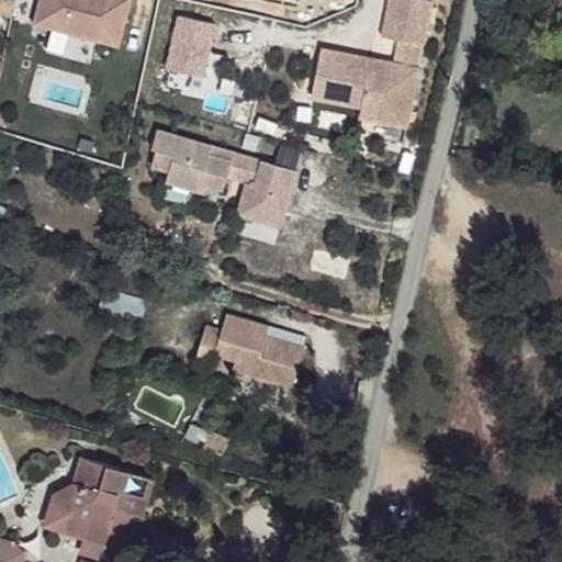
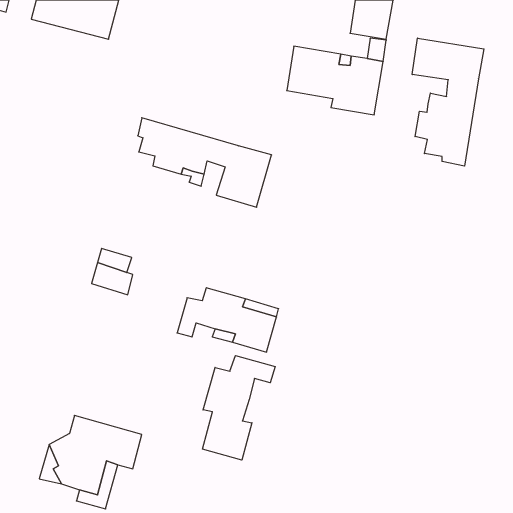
building: [165,15,212,76] -> none
building: none -> [412,38,484,166]
building: none -> [202,356,275,460]

